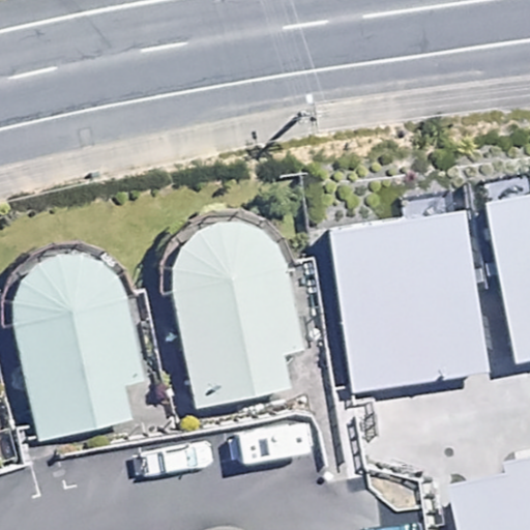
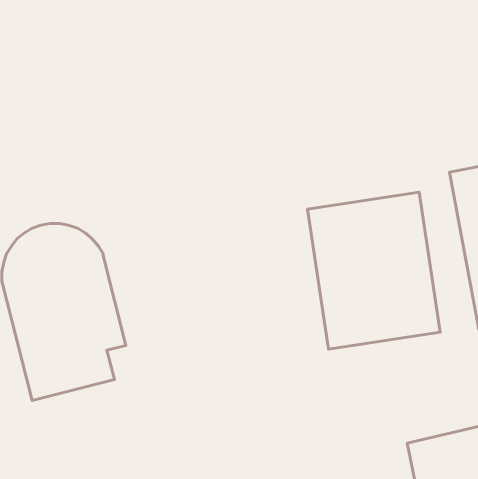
building: [166,217,300,410] -> none

